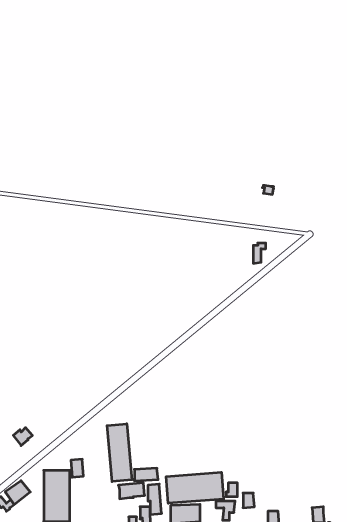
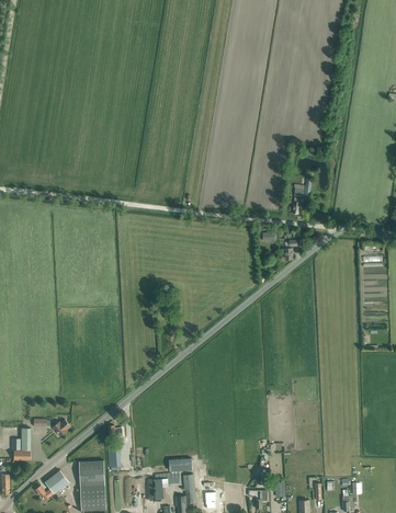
building: [107,424,132,482] -> none
building: [166,472,224,503] -> none

